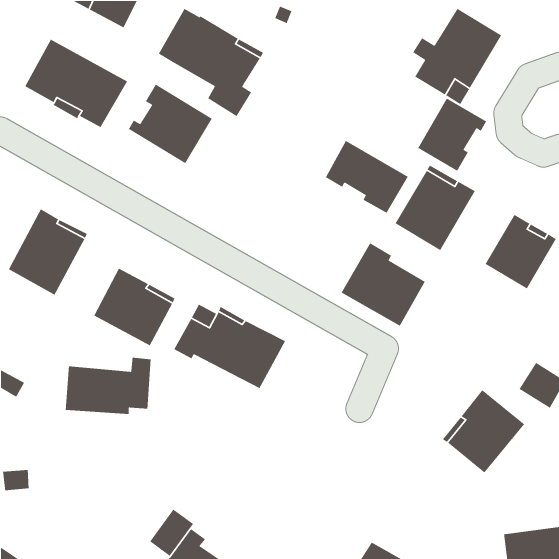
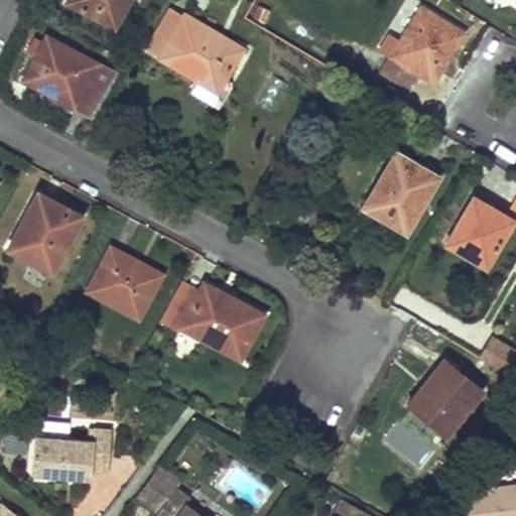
building: [128,84,213,164] -> none
building: [417,98,487,172] -> none
building: [325,140,409,214] -> none
building: [340,242,426,327] -> none
building: [65,357,151,415] -> [32,427,112,481]

